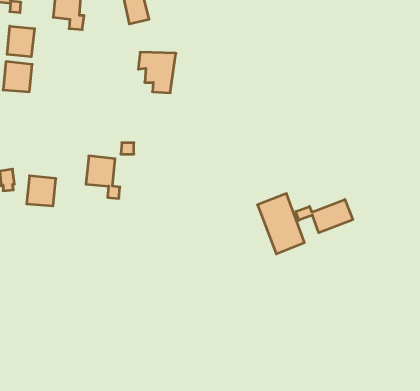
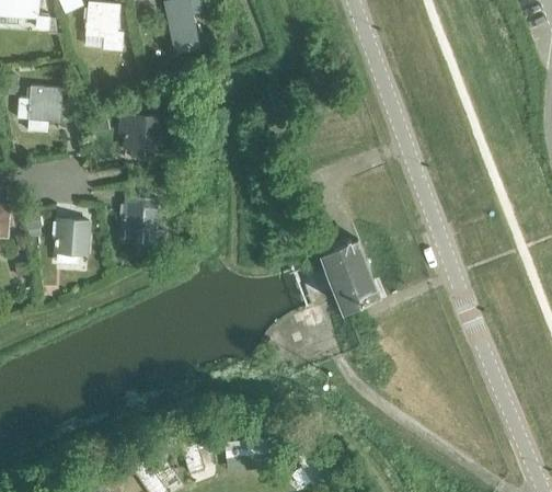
building: [7,26,35,57] -> none
building: [138,52,176,93] -> [117,114,161,161]
building: [296,199,353,233] -> none

